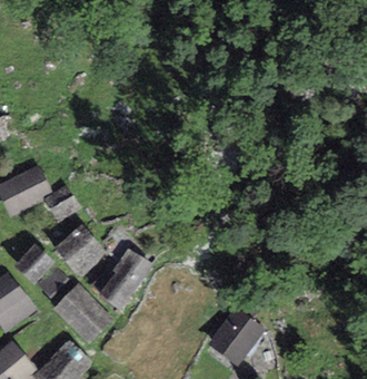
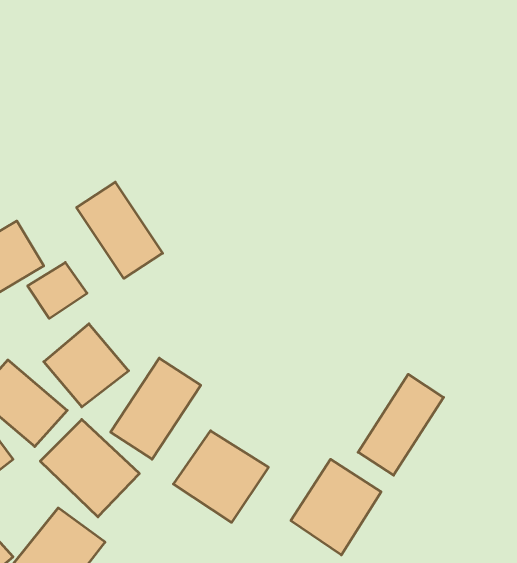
building: none -> [77,182,163,278]
building: none -> [358,374,444,475]
building: none -> [173,431,268,522]

